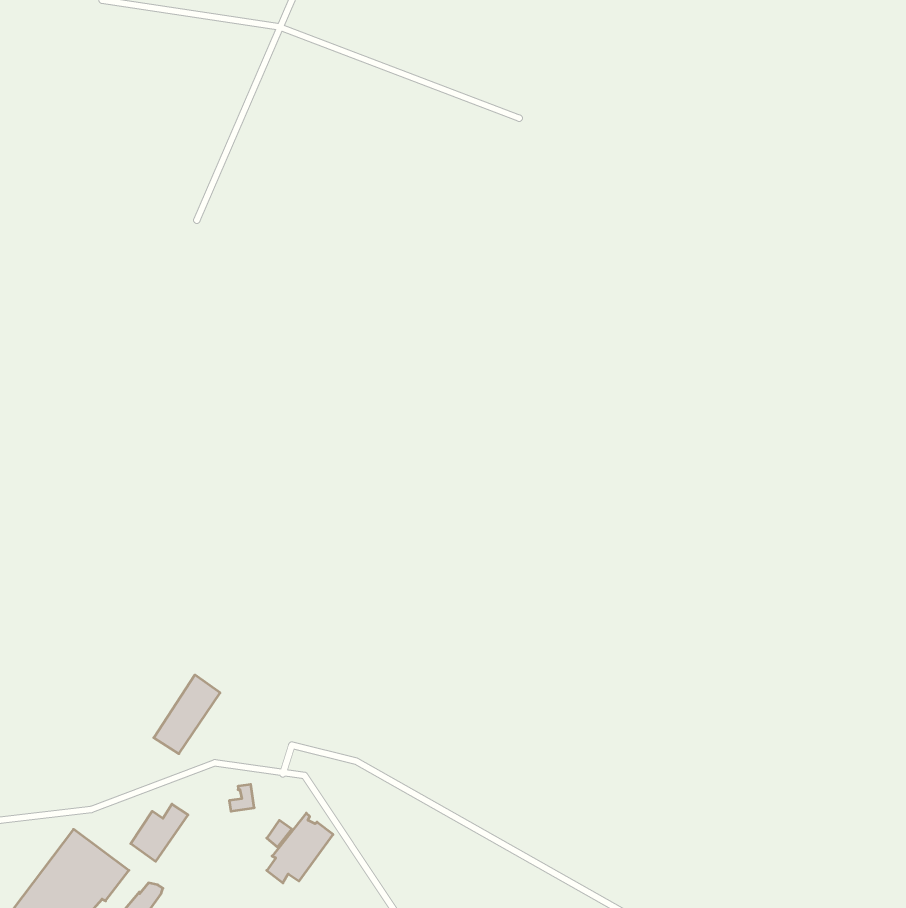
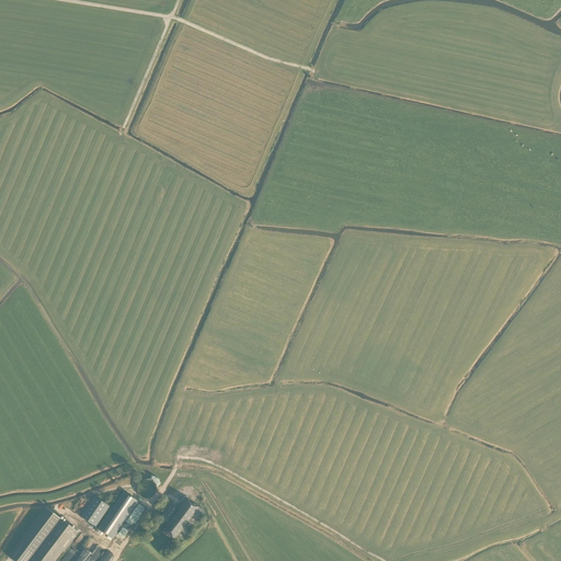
building: [154,675,220,754] -> [103,495,144,543]

